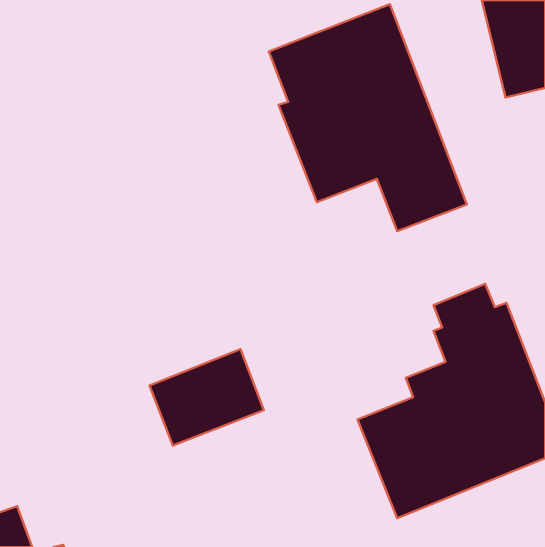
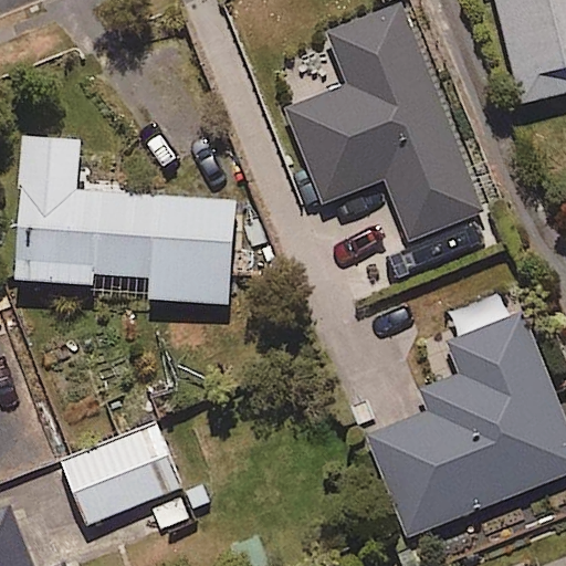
building: none -> [17,135,234,302]
building: [149,349,264,445] -> [61,422,179,522]

